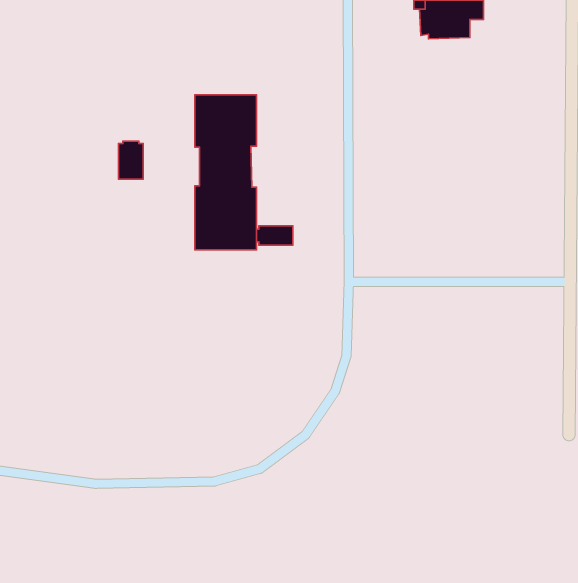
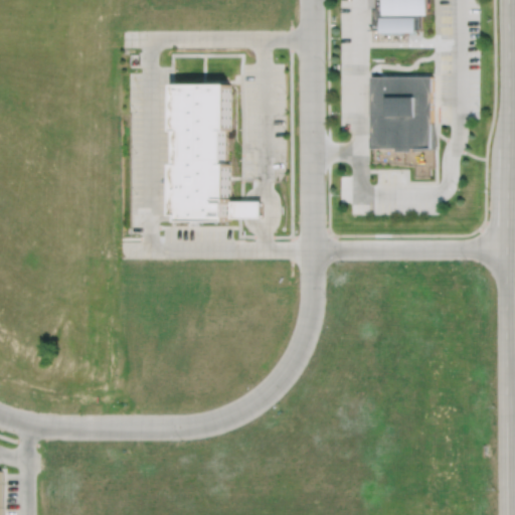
building: none -> [368,74,430,149]
building: [118,141,143,179] -> none

